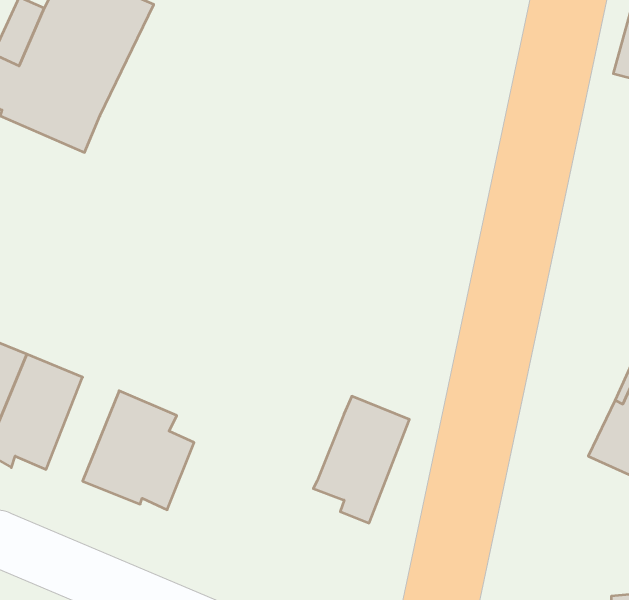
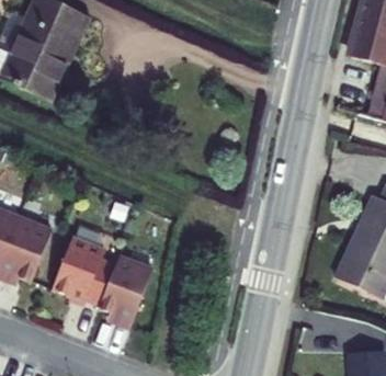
building: [313,396,409,523] -> [94,255,149,328]

